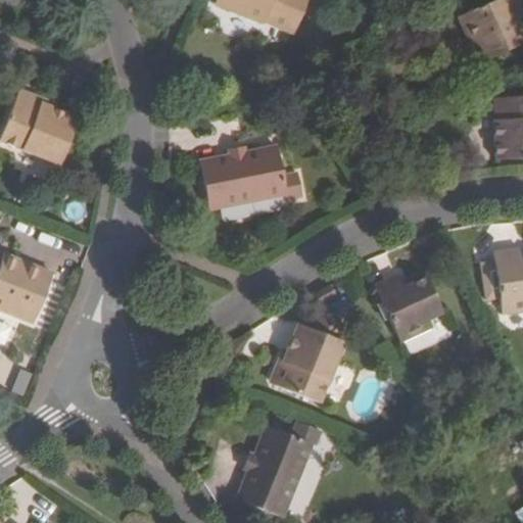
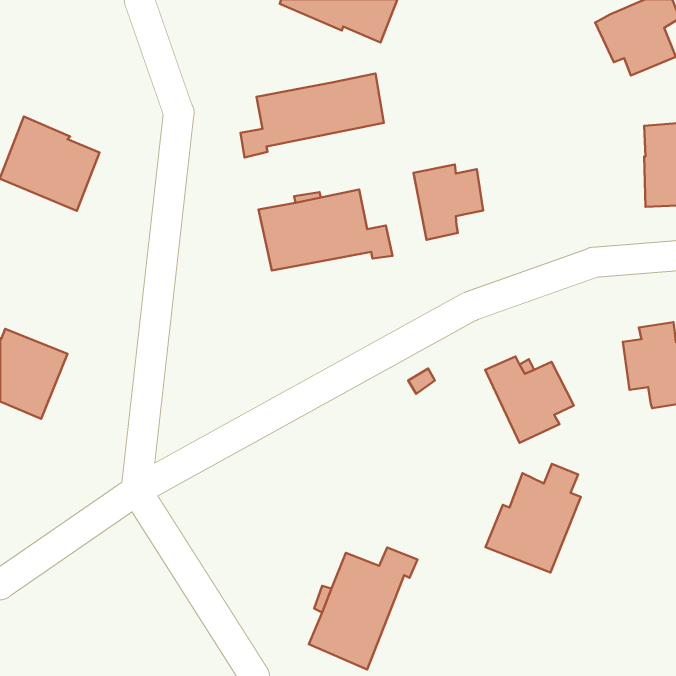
building: none -> [240,73,384,158]
building: none -> [413,164,483,240]
building: [271,317,344,400] -> [486,464,581,572]

